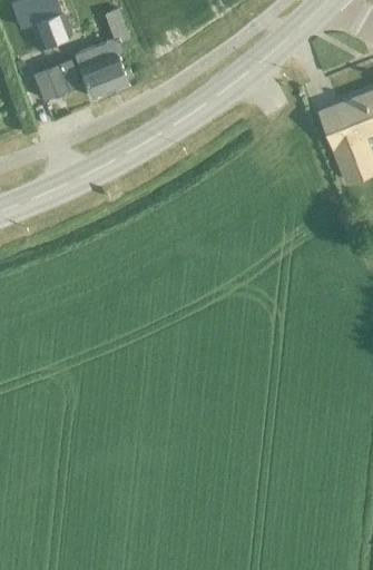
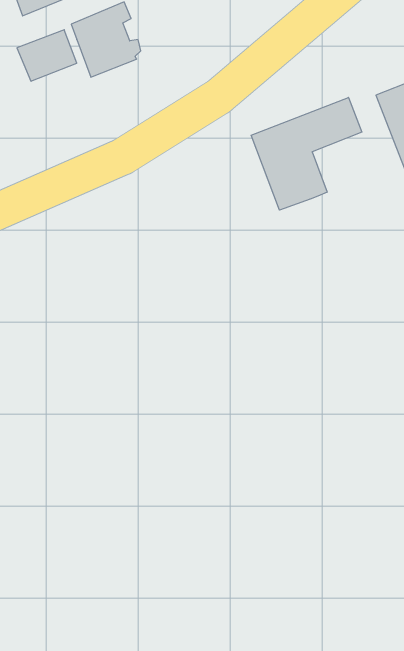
building: none -> [251,97,362,210]

